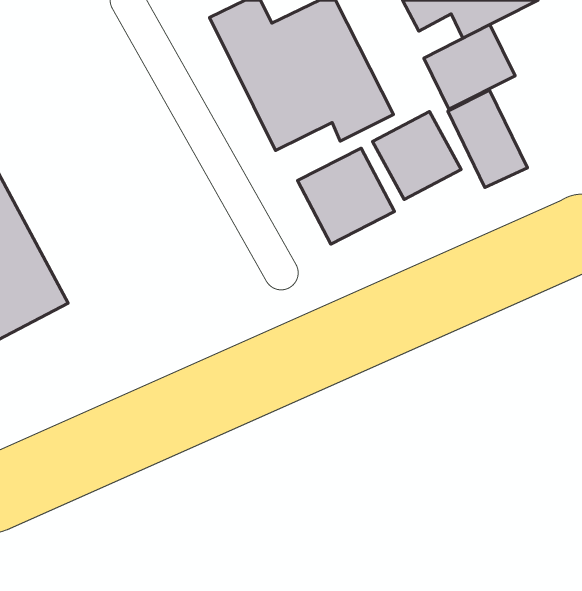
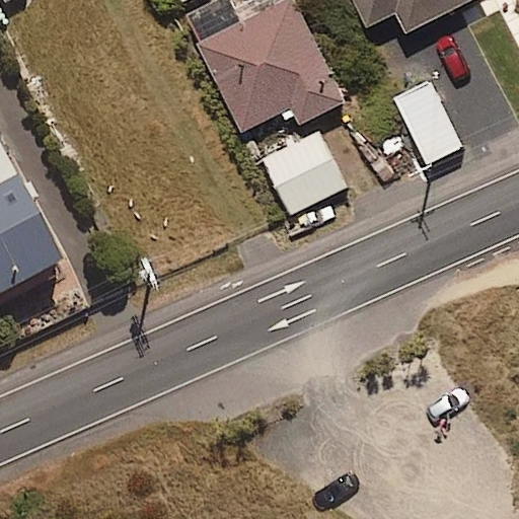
building: [424,25,515,109] -> none
building: [373,112,461,200] -> none

